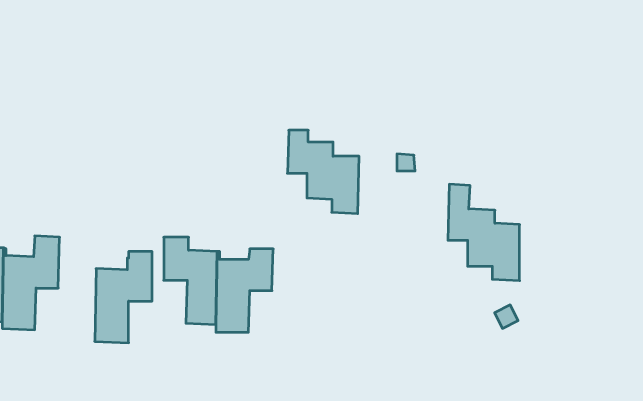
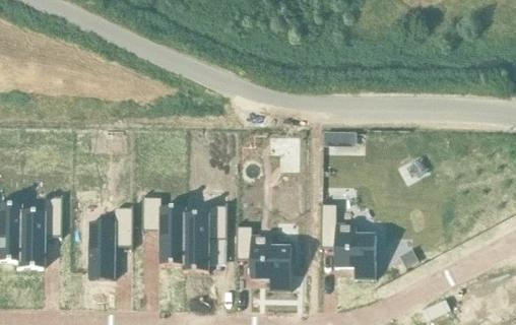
building: [287,130,359,214] -> [236,224,292,289]
building: [448,184,520,281] -> [320,202,376,277]

